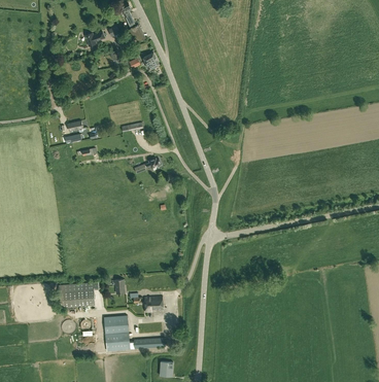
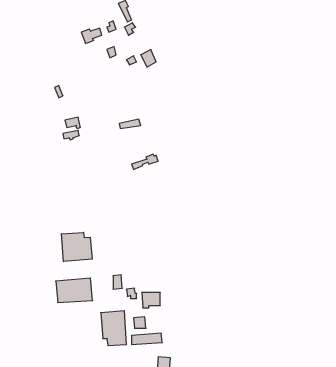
building: none -> [61,232,92,262]

